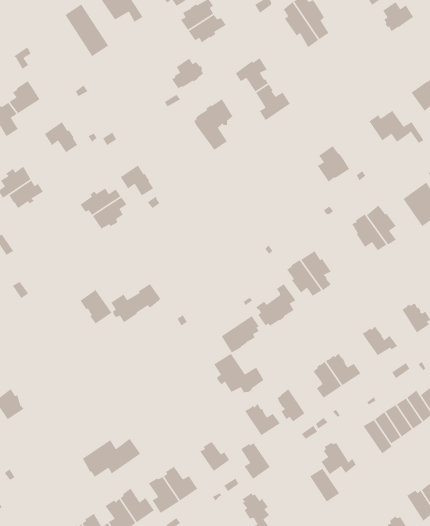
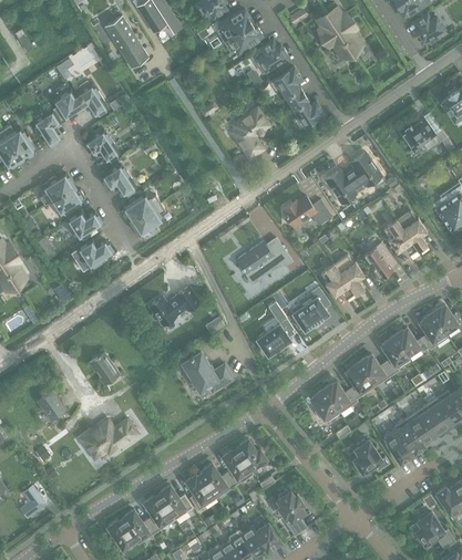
building: [171,58,204,90] -> [255,41,287,72]
building: none -> [73,81,105,115]
building: none -> [325,169,360,204]
building: [120,164,154,196] -> [101,164,134,195]
building: none -> [283,196,331,227]
building: none -> [66,211,101,238]
building: none -> [235,238,290,282]
building: none -> [76,240,112,267]
building: none -> [363,242,396,281]
building: [79,289,113,324] -> [88,351,120,385]
building: none -> [419,312,448,350]
building: none -> [380,335,410,374]
building: [213,353,264,394] -> [182,352,232,392]
building: [244,403,281,436] -> [321,381,357,413]
building: [82,438,141,478] -> [80,418,137,457]
building: [240,442,271,480] -> [222,449,251,486]
building: [309,465,340,503] -> [382,425,412,462]

